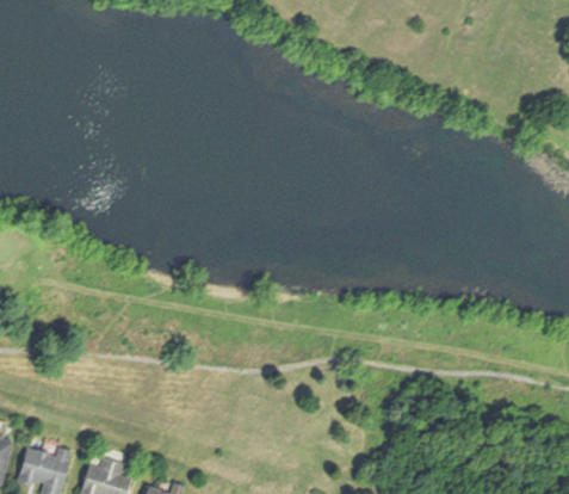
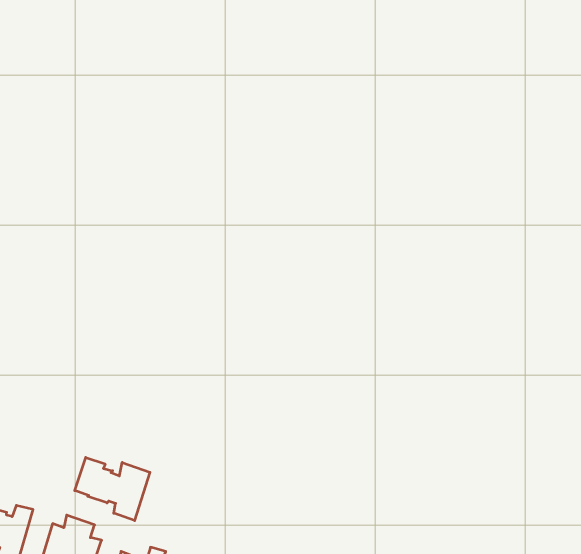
building: none -> [75,457,150,521]

